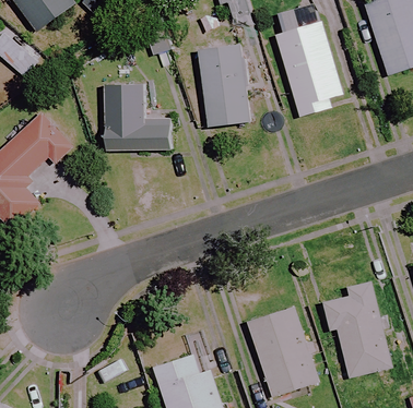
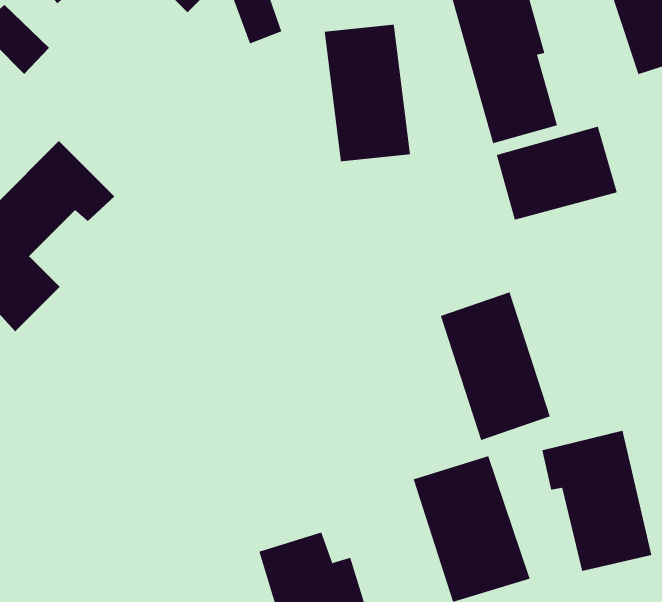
building: [102,85,170,152] -> none
building: none -> [496,126,618,220]
building: none -> [440,291,550,441]

